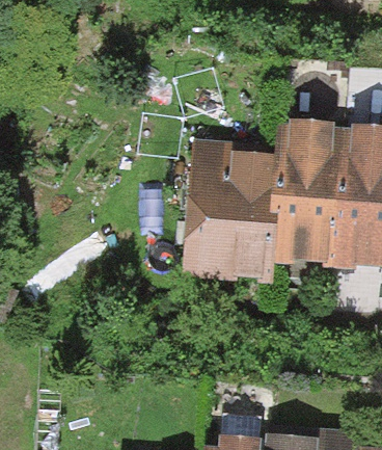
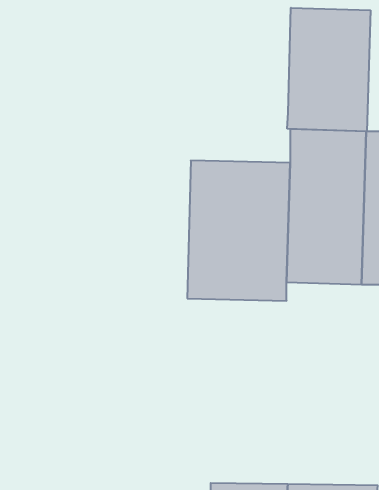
building: none -> [287,8,370,131]

